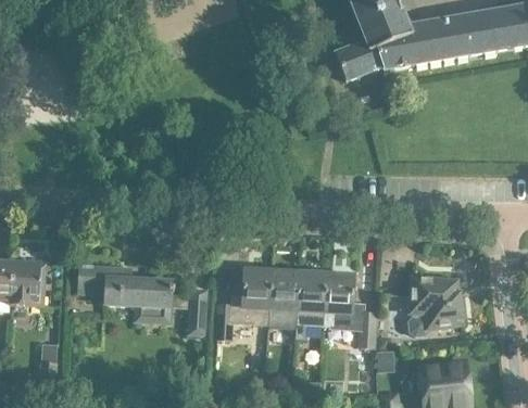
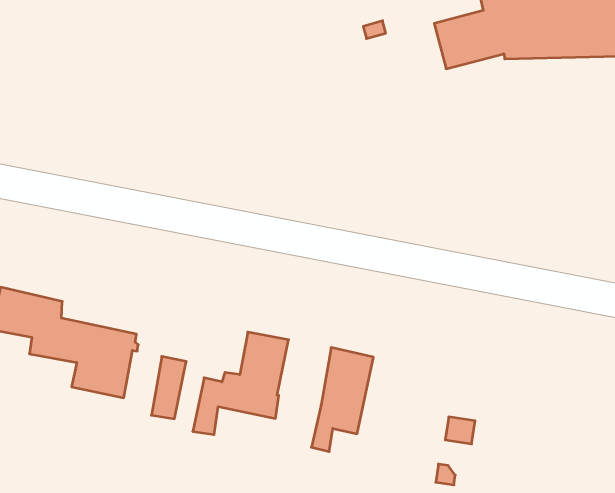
building: [268,270,299,309] -> none
building: [324,273,376,346] -> none
building: [408,277,462,335] -> none

